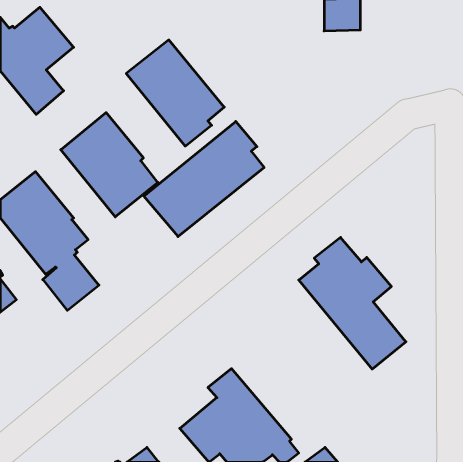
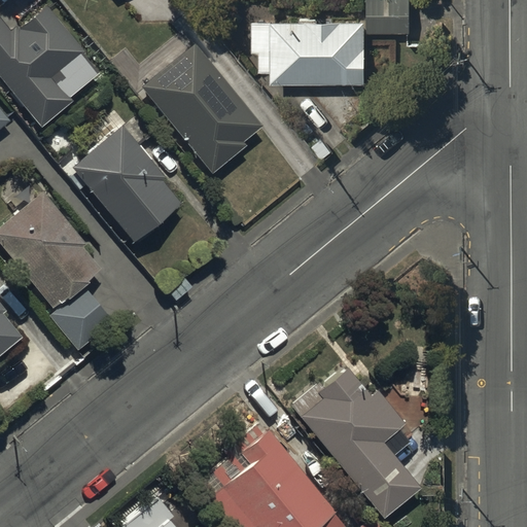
building: none -> [253,24,366,86]
building: [144,121,264,237] -> none
building: [299,237,406,369] -> [295,356,417,505]

